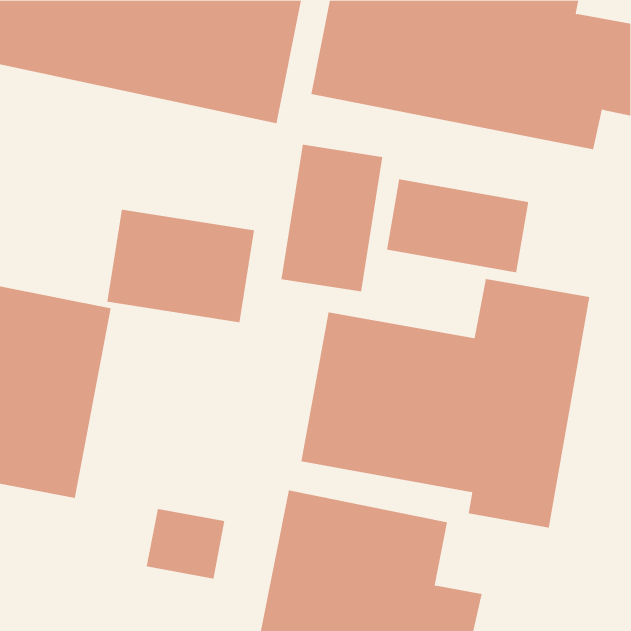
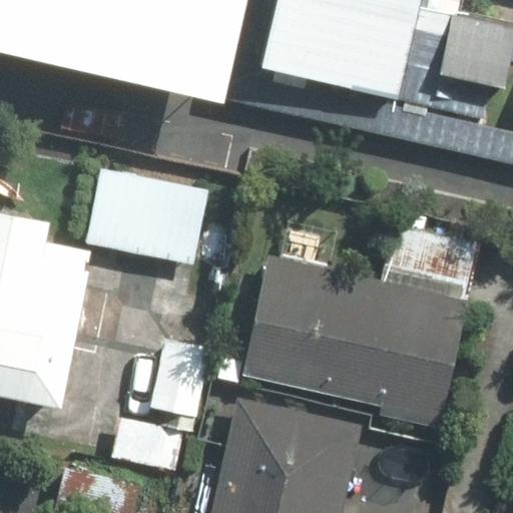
building: [281,144,383,292] -> none
building: [387,179,529,273] -> none

